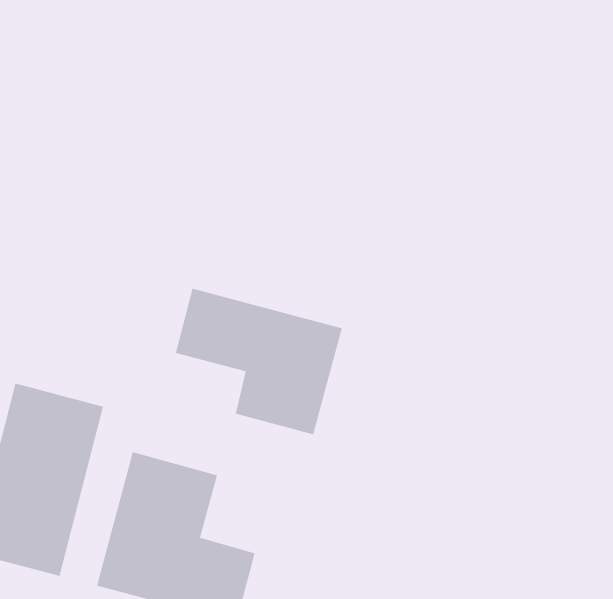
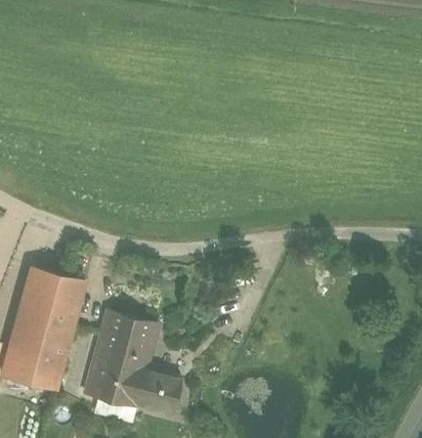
building: [175,288,342,435] -> none

